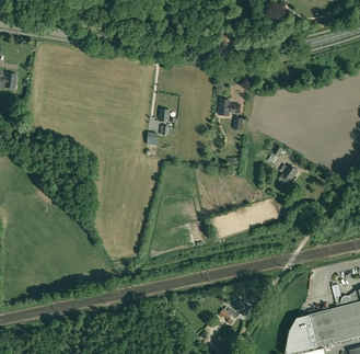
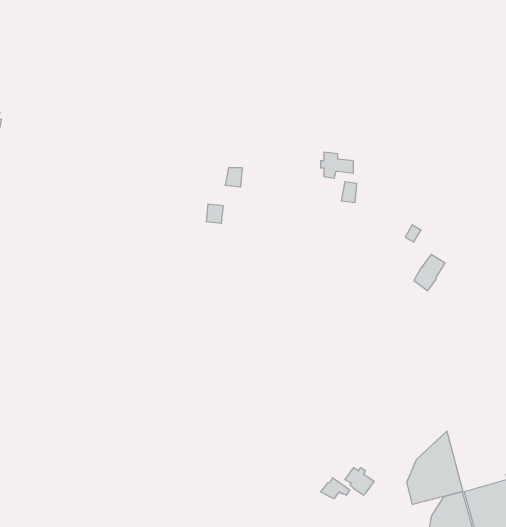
building: none -> [407,431,463,505]

